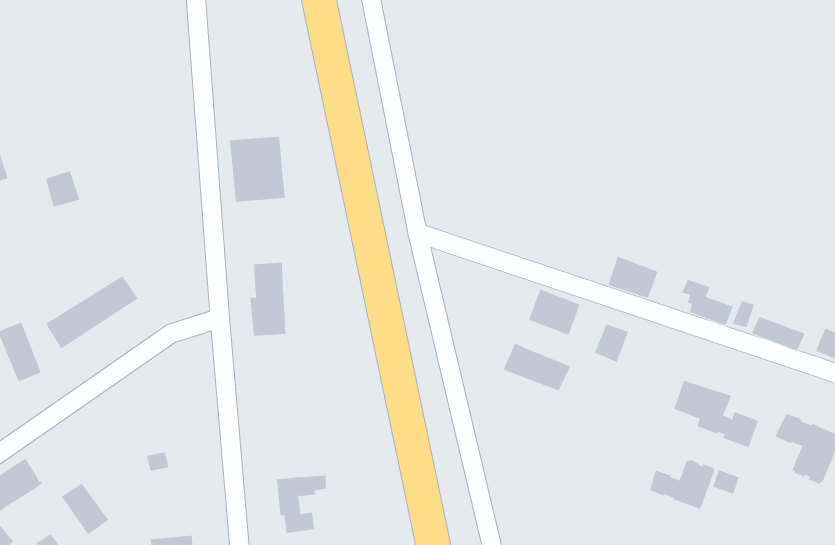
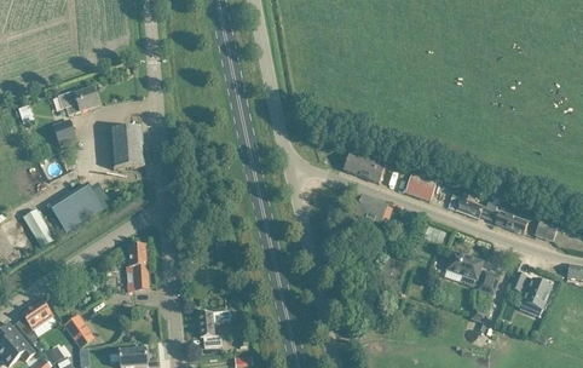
building: none -> [58,86,99,114]
building: [229,136,286,202] -> [110,126,145,167]
building: [249,262,286,336] -> [126,243,149,289]
building: [503,343,571,391] -> [344,151,386,182]
building: [650,459,715,509] -> none

